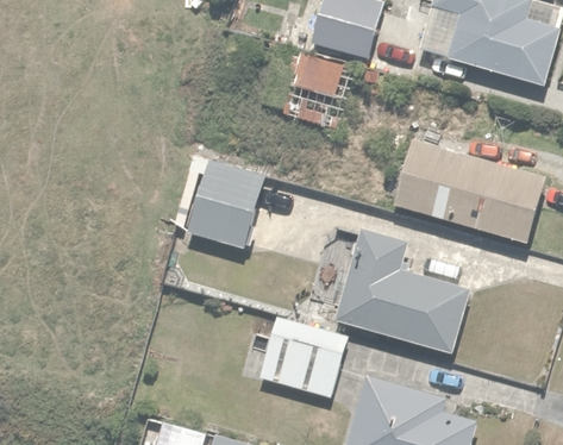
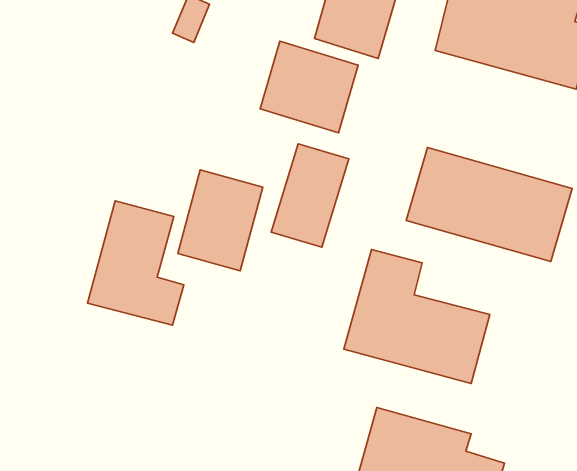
building: none -> [271,144,349,247]
building: none -> [87,201,184,325]
building: [261,315,351,399] -> none

